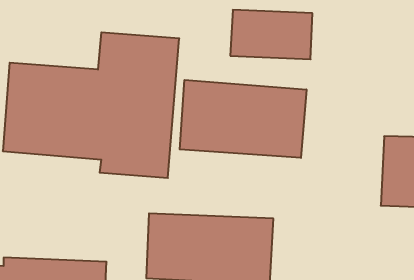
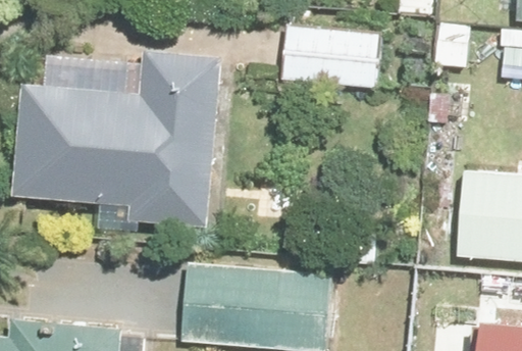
building: [180,80,306,158] -> none

